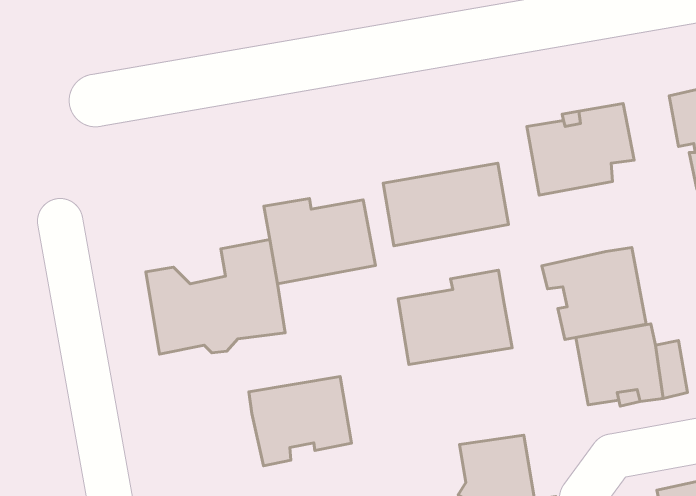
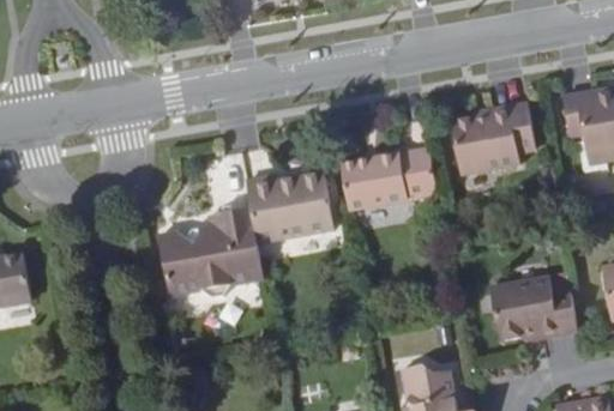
building: [542,247,646,340] -> none
building: [398,270,512,365] -> none
building: [249,376,352,466] -> none

